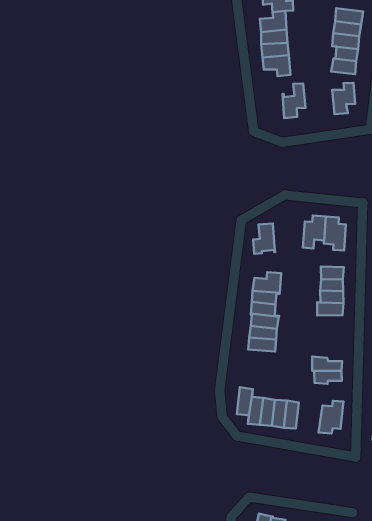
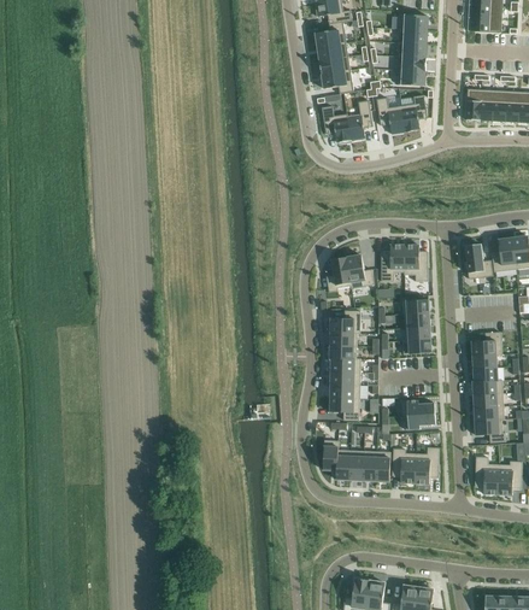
building: none -> [377,98,406,134]
building: none -> [322,106,351,142]
building: none -> [347,254,375,288]
building: none -> [330,398,360,421]
building: none -> [393,448,417,483]

